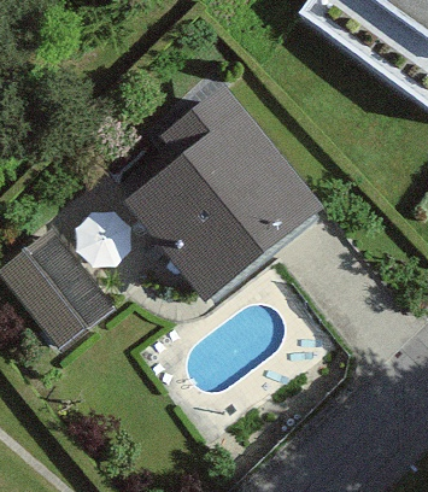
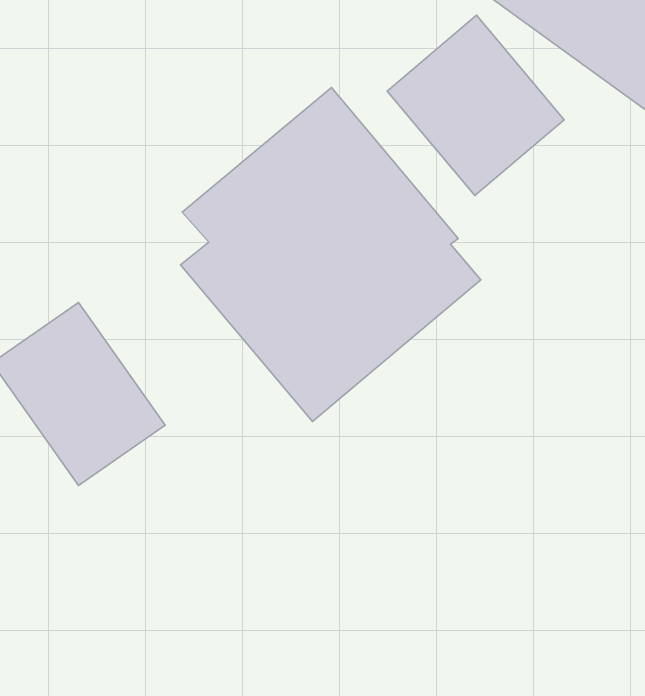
building: none -> [387,15,564,196]

